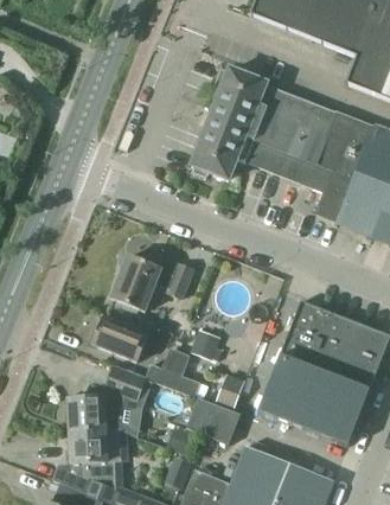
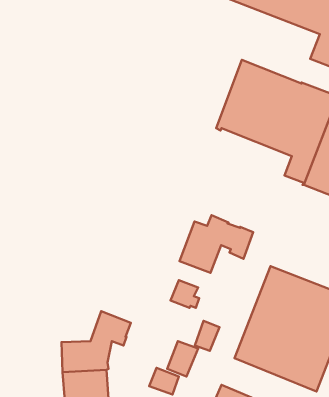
building: [193,68,269,178] -> none
building: [111,249,193,313] -> [179,215,253,273]
building: [91,313,149,363] -> none
building: [146,350,200,396] -> none
building: [207,404,241,443] -> none

